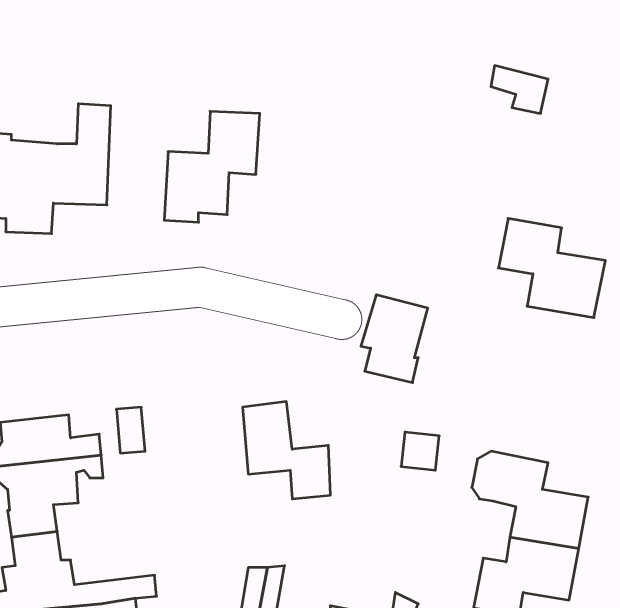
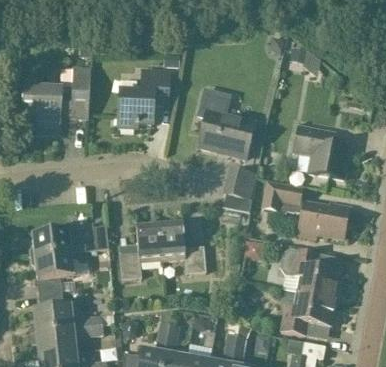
building: none -> [198,94,254,158]
building: none -> [261,181,349,239]
building: none -> [118,226,162,280]

